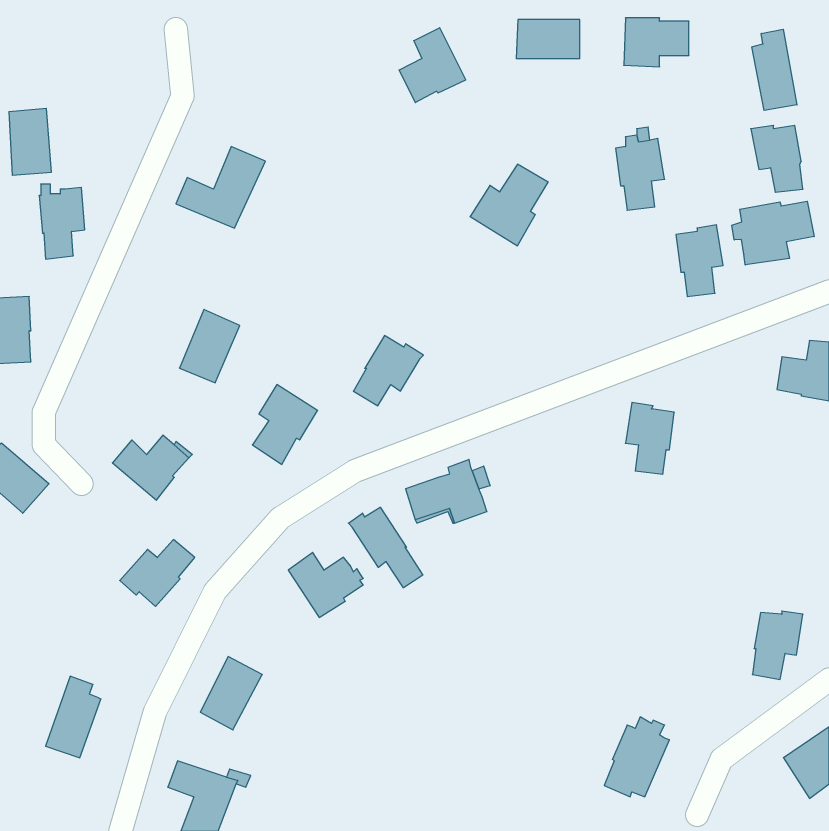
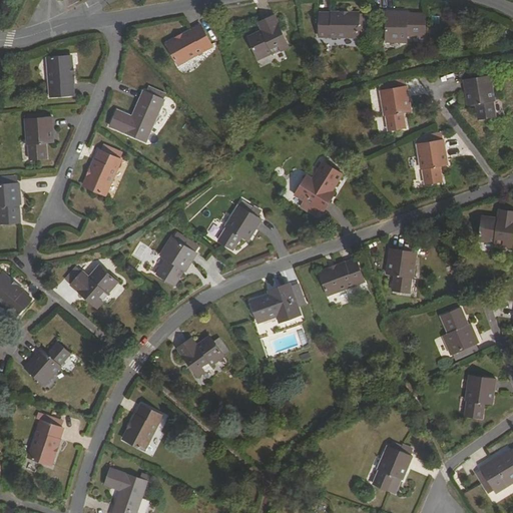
building: [752,29,797,110] -> none
building: none -> [167,29,213,70]
building: [9,108,51,175] -> [46,55,72,96]
building: [470,164,548,246] -> [293,161,341,211]
building: [732,201,814,265] -> none
building: [179,309,240,383] -> [82,149,119,194]
building: none -> [318,260,363,295]
building: none -> [436,308,475,352]
building: [348,507,423,588] -> none
building: [120,540,195,606] -> [23,342,69,383]

